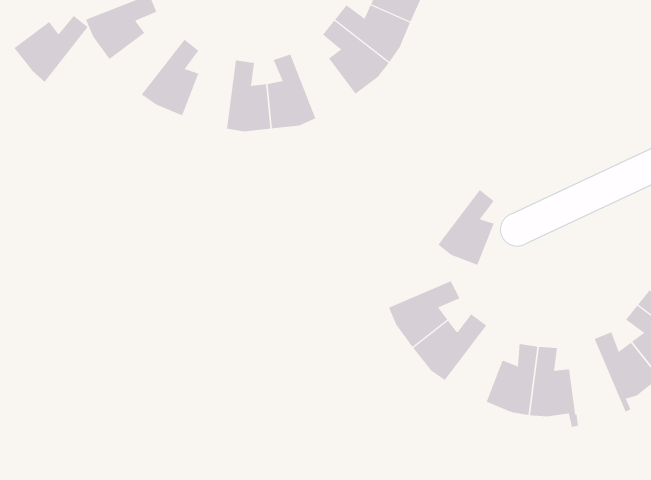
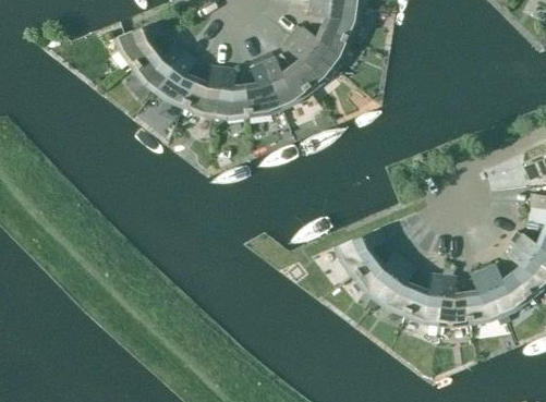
building: [13,15,88,83] -> [129,41,183,90]
building: none -> [260,56,307,108]
building: none -> [179,64,220,115]
building: [437,189,494,266] -> [373,258,414,314]
building: none -> [463,268,503,325]

